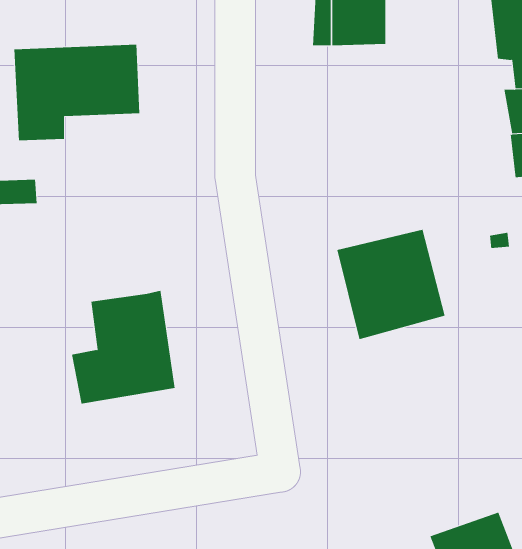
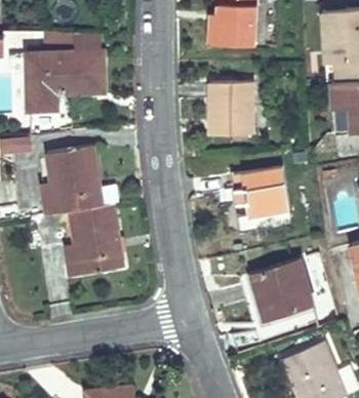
building: none -> [205,79,250,138]
building: none -> [37,149,104,216]
building: none -> [257,256,315,315]

